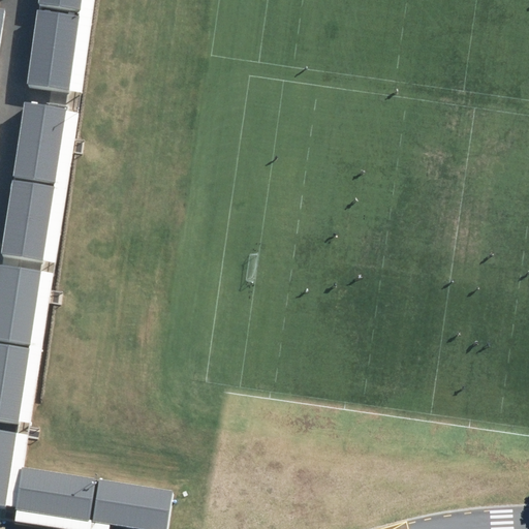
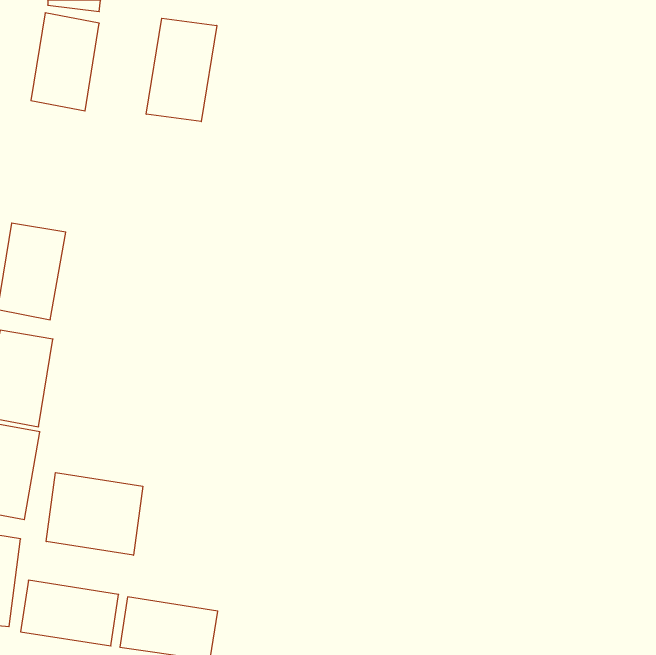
building: none -> [146,18,217,122]
building: [9,106,65,184] -> none
building: none -> [46,473,143,555]

